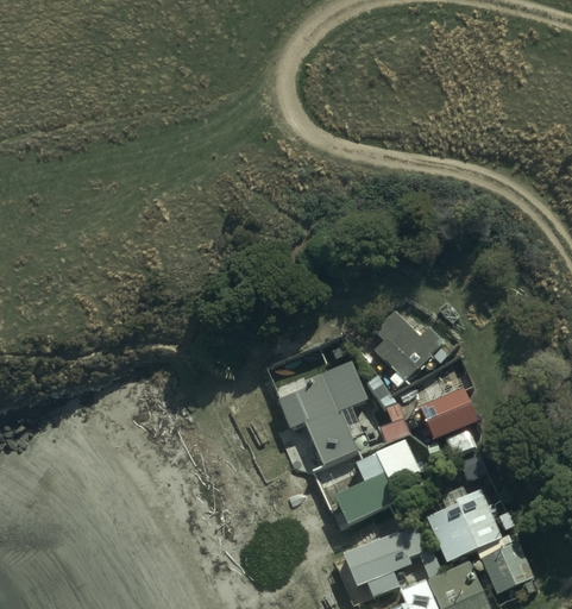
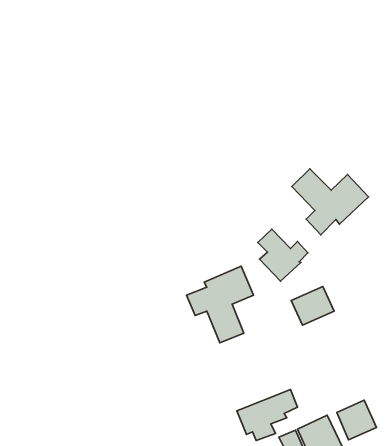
building: none -> [292,169,369,235]
building: [334,440,419,523] -> none
building: [428,489,501,559] -> none

